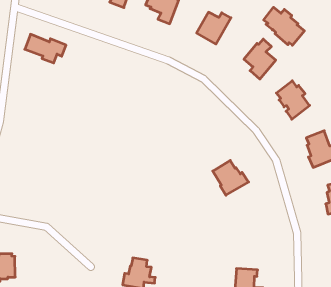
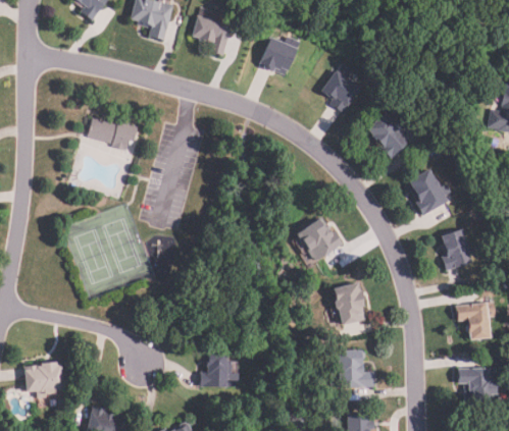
building: [264,7,304,45] -> none
building: [25,34,66,63] -> [88,117,139,150]
building: none -> [333,282,366,325]

